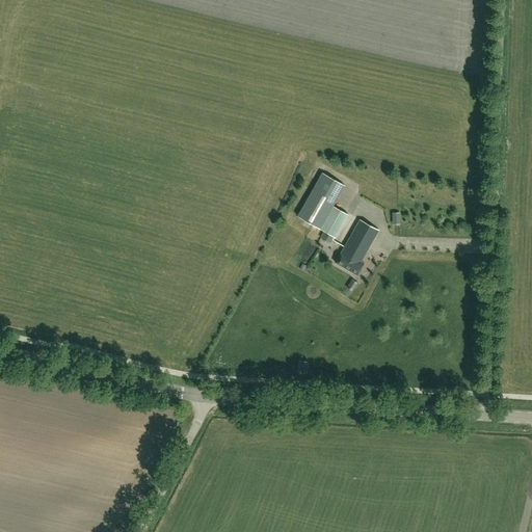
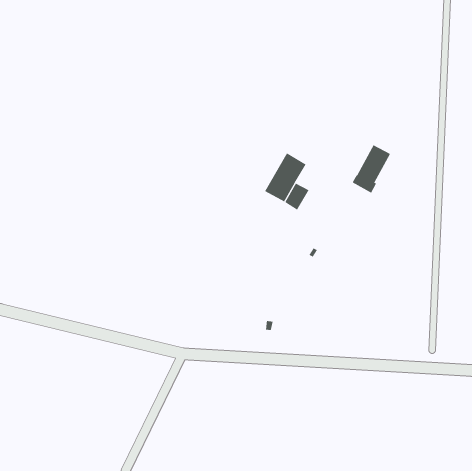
building: [335,219,378,274] -> [352,145,391,194]

